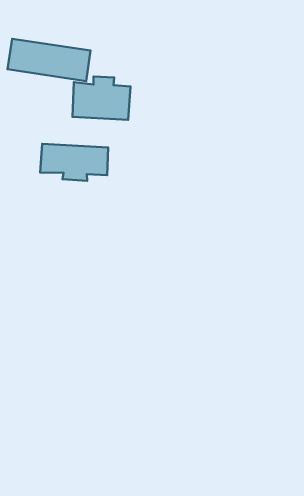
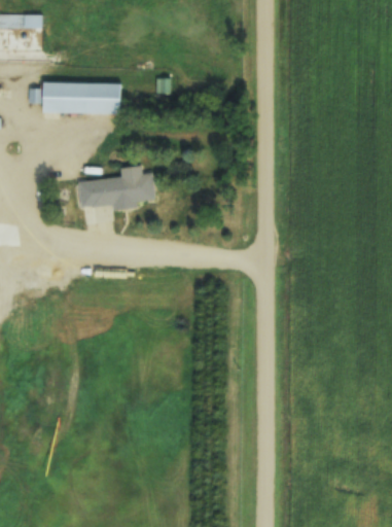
building: [73,77,130,120] -> none

